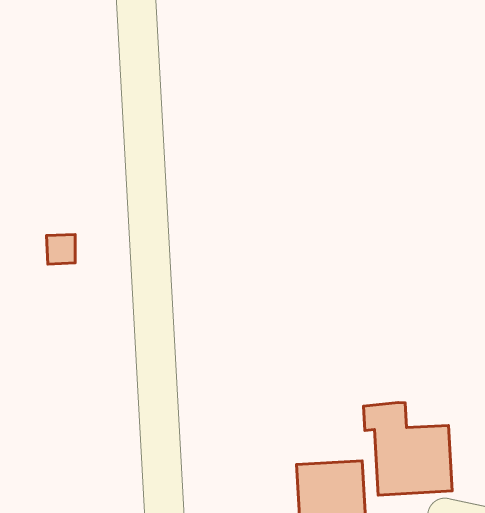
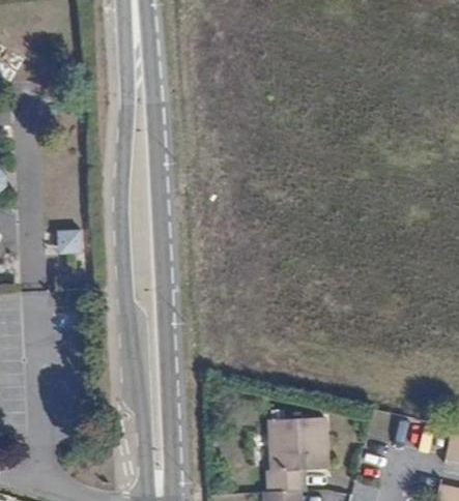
building: [363,402,452,495] -> none

